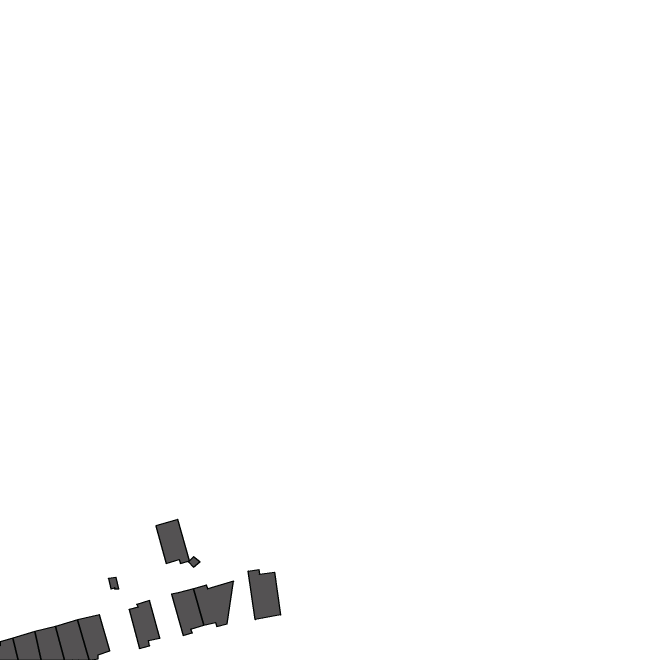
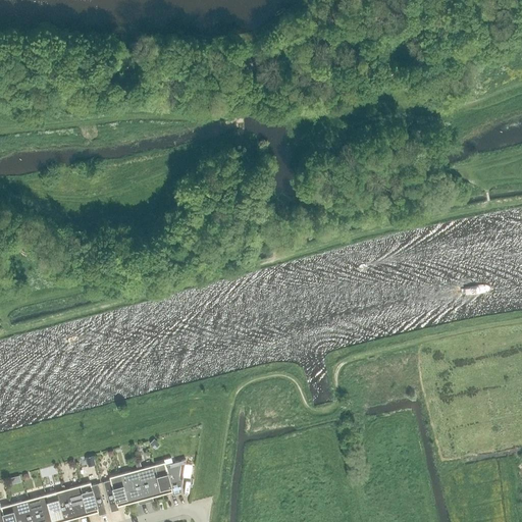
building: [156,519,189,563] -> [118,469,145,504]
building: [248,570,281,620] -> none
building: none -> [79,482,105,515]

